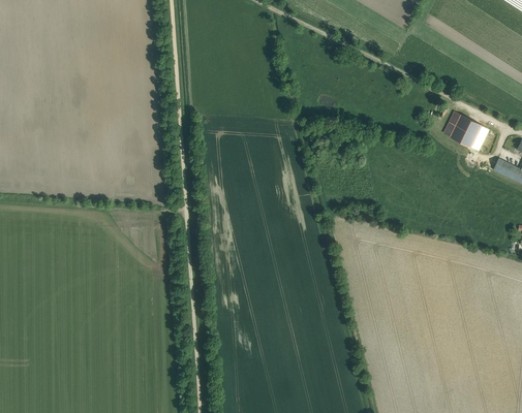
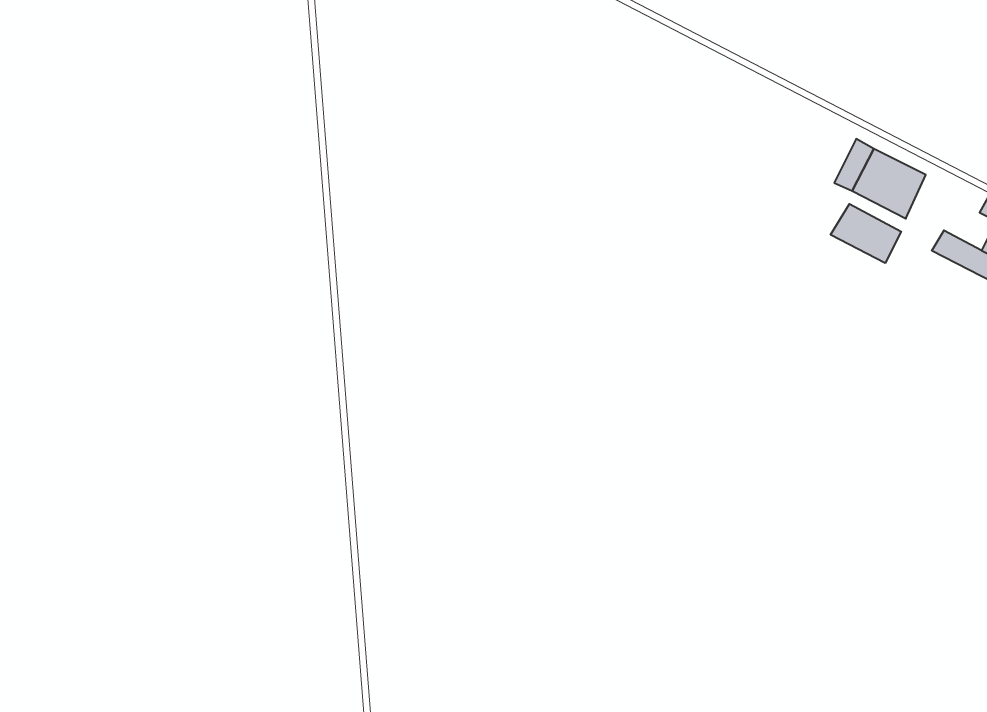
building: none -> [831,204,901,263]

